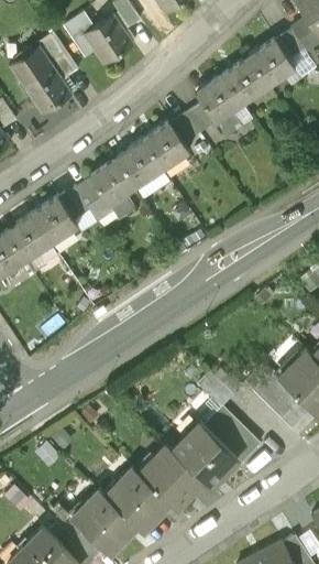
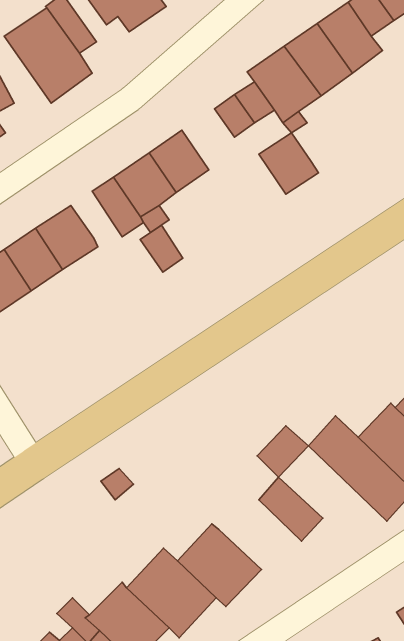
building: [144,122,190,170] -> [259,133,318,194]
building: [58,186,91,223] -> [140,225,183,272]
building: [173,421,236,485] -> none

